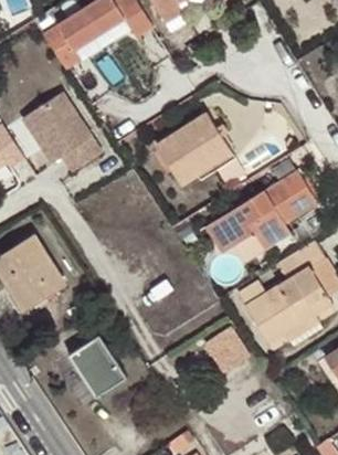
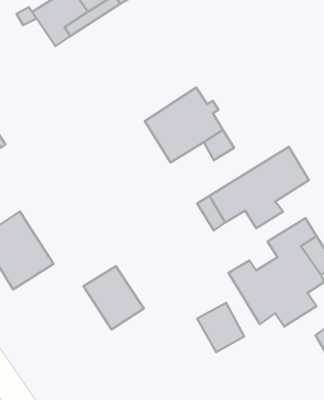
building: [23,91,118,189] -> none
building: [66,335,126,398] -> [83,266,144,330]

